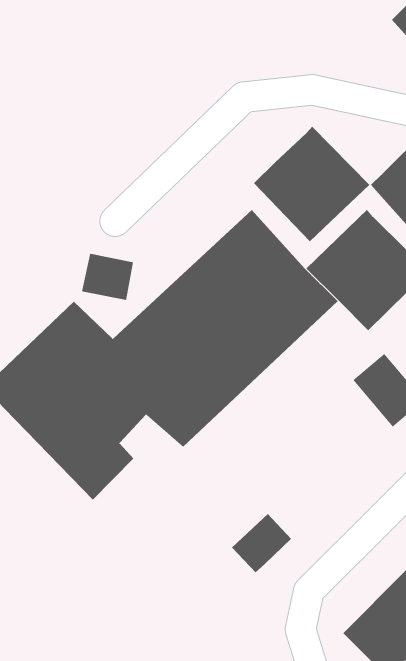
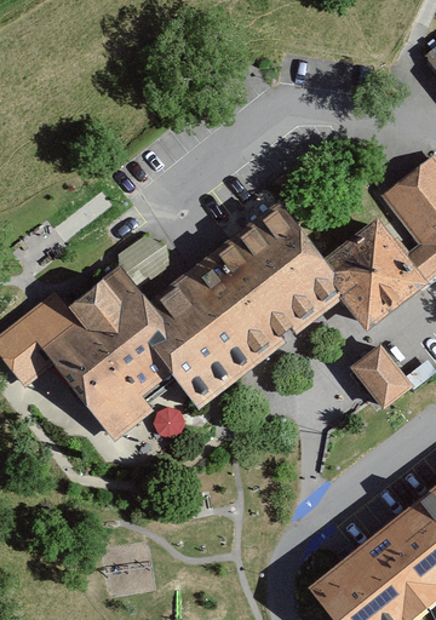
building: [253,126,370,242] -> none
building: [231,513,292,573] -> none

